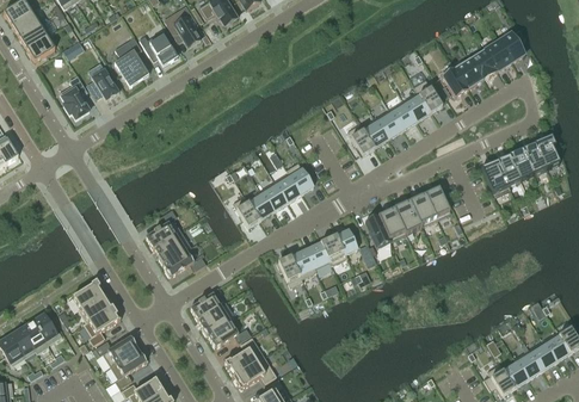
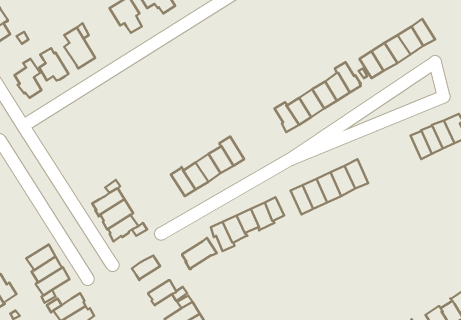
building: [140,30,179,66] -> none
building: [481,160,510,193] -> none
building: [198,301,236,335] -> [182,238,217,269]

